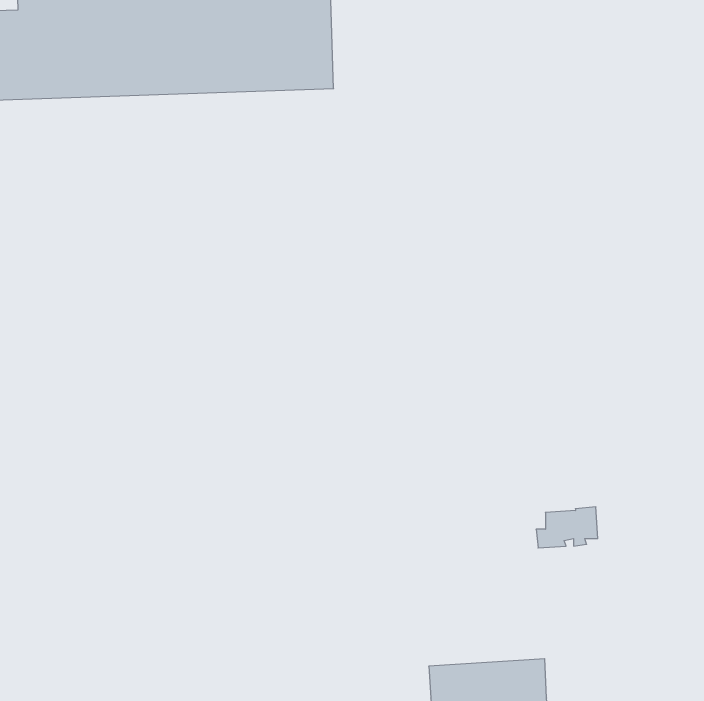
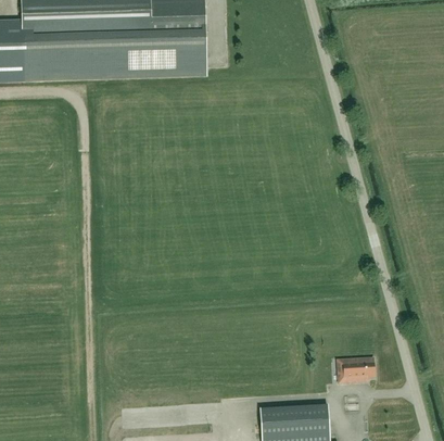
building: [536,507,598,548] -> [337,356,372,380]

